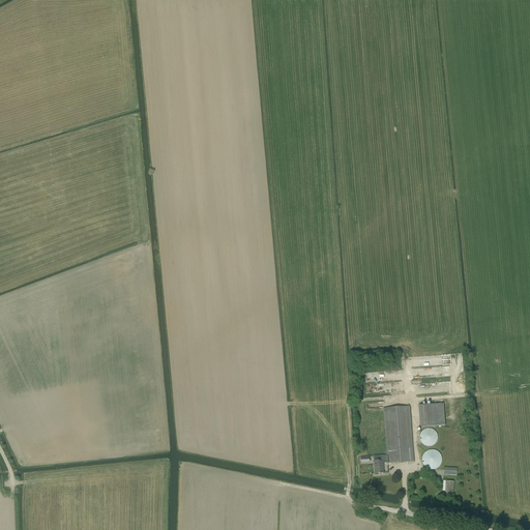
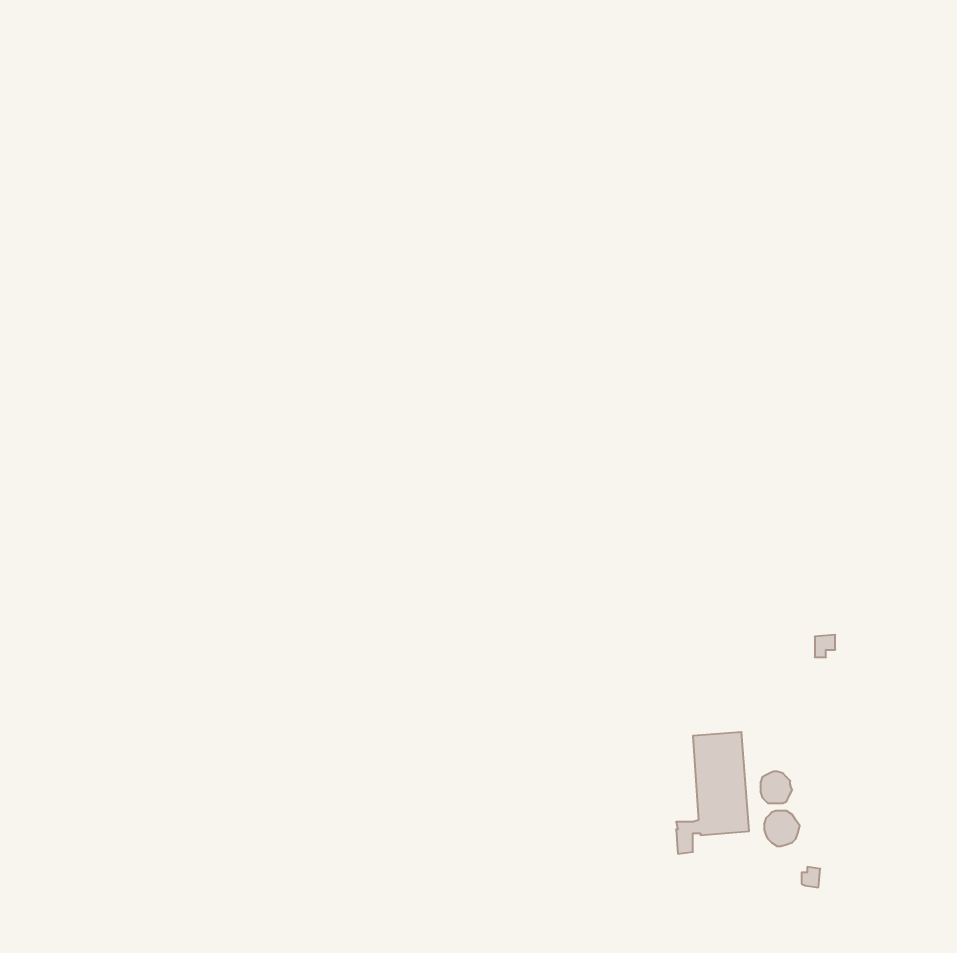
building: [418,402,445,425] -> none

